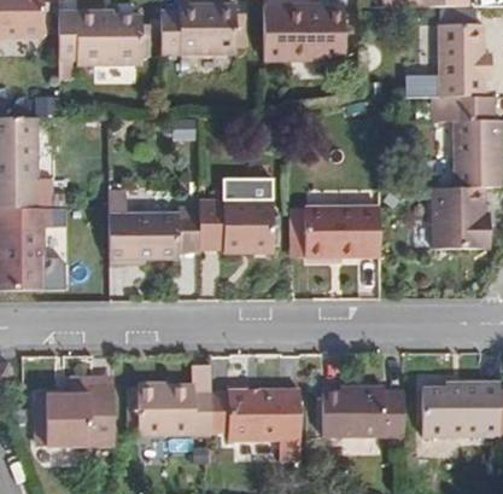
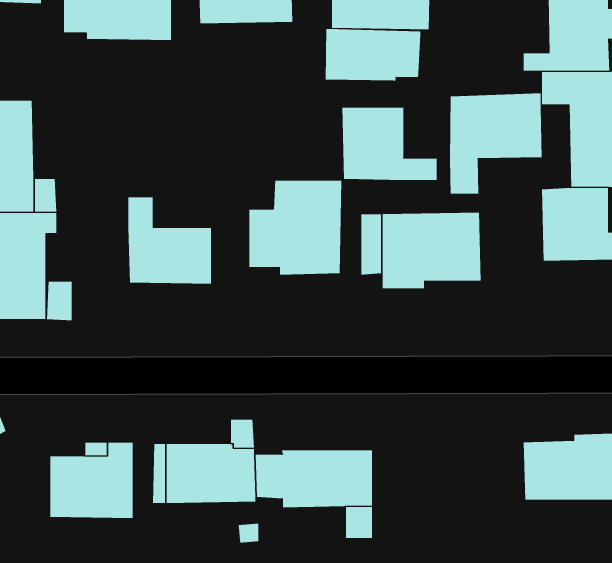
building: none -> [325,28,421,81]
building: none -> [450,93,542,195]
building: none -> [342,107,437,181]
building: [172,208,203,251] -> none
building: [320,385,400,435] -> none

